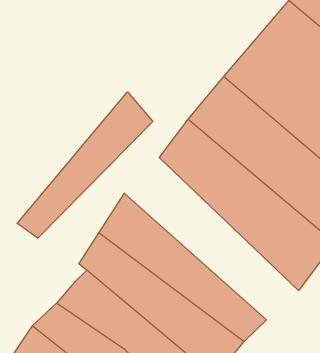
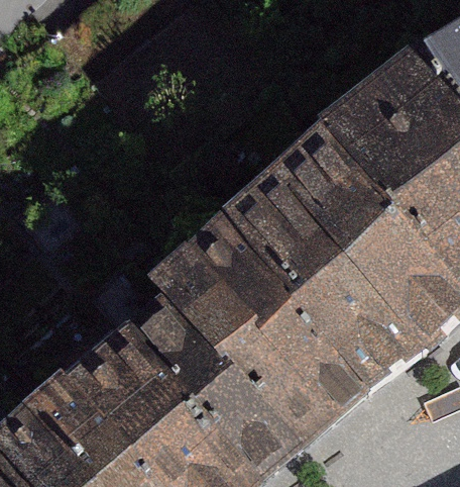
building: [17,92,153,238] -> none
building: none -> [175,227,360,433]

